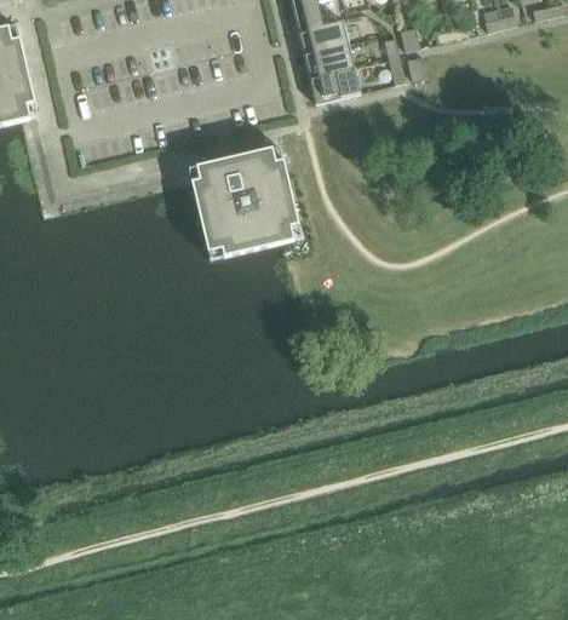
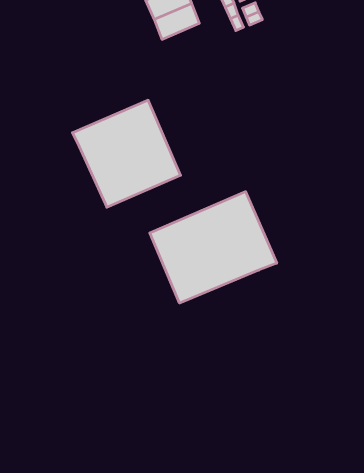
building: [308,67,360,103] -> none
building: none -> [150,192,277,303]

